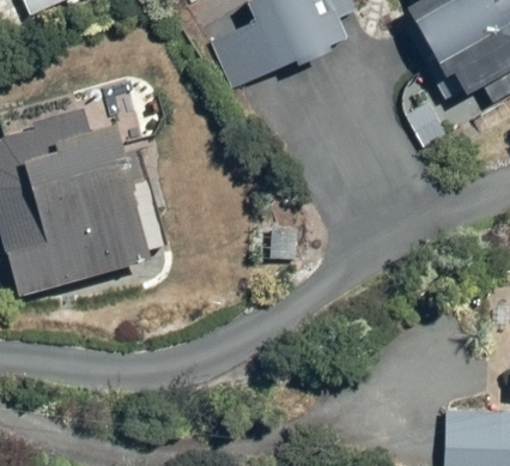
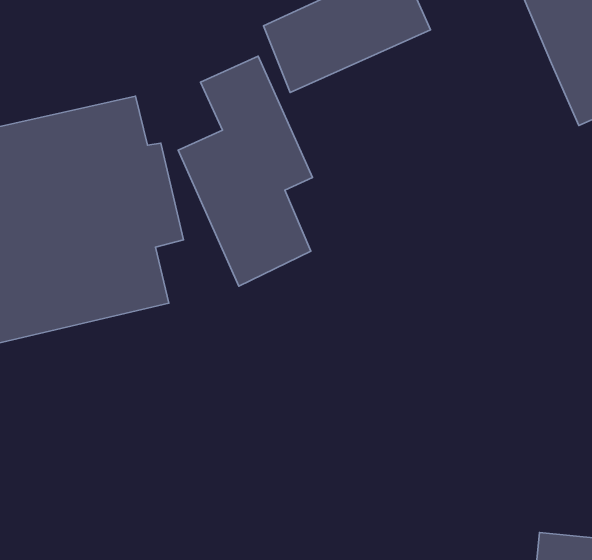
building: none -> [178,56,313,286]

